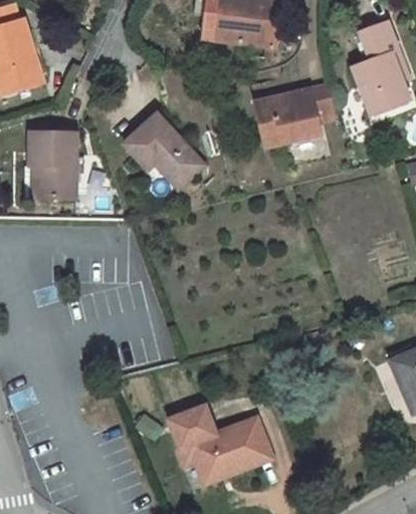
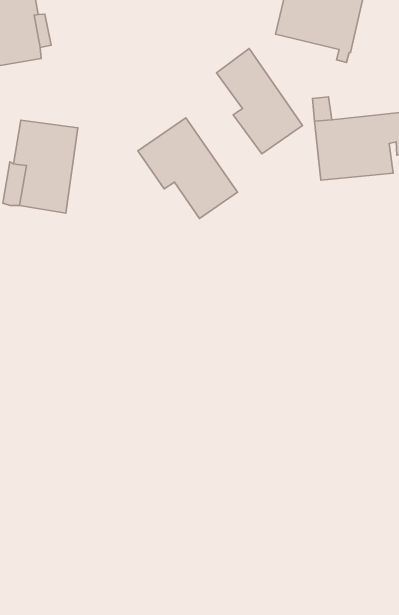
building: none -> [216,48,303,154]
building: [169,405,272,479] -> none

